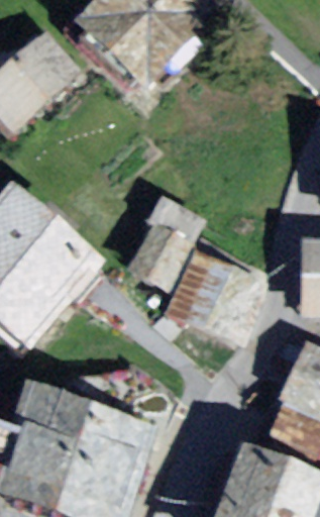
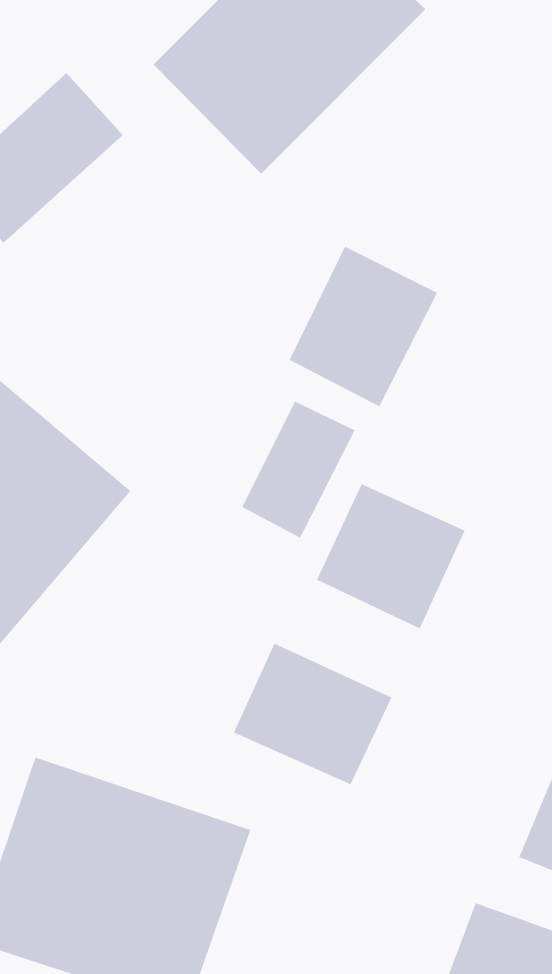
building: none -> [289,246,438,407]
building: none -> [233,643,392,785]

